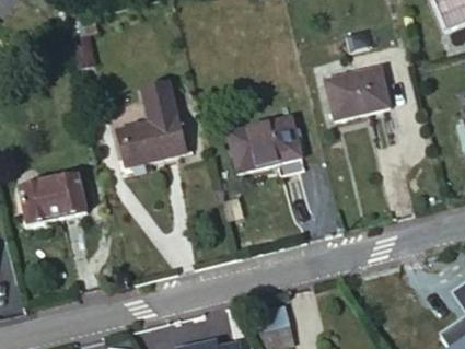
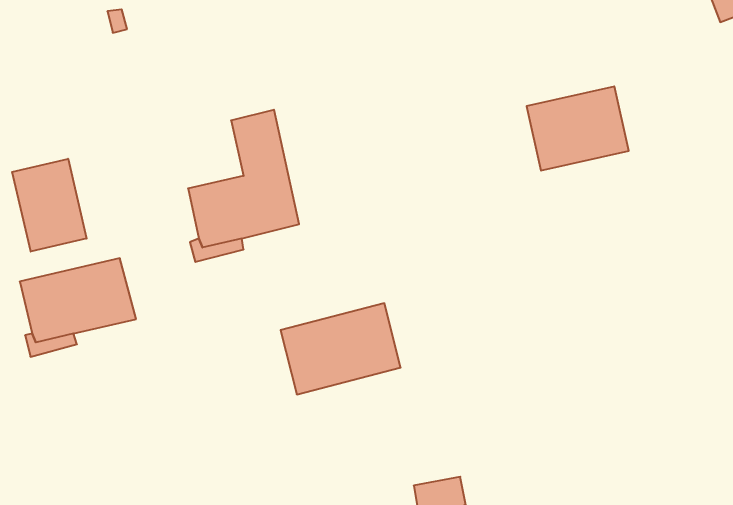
building: none -> [12,159,87,252]
building: [228,115,301,171] -> [281,303,401,394]

